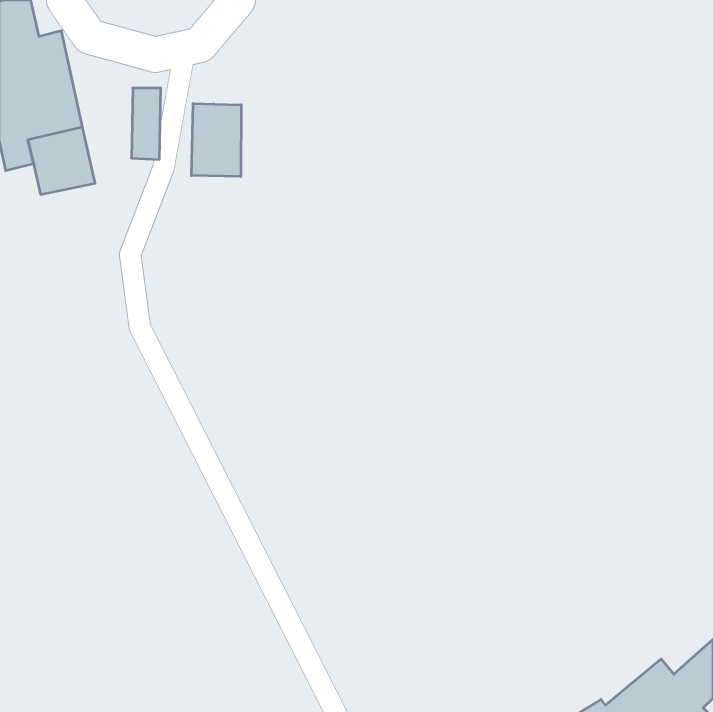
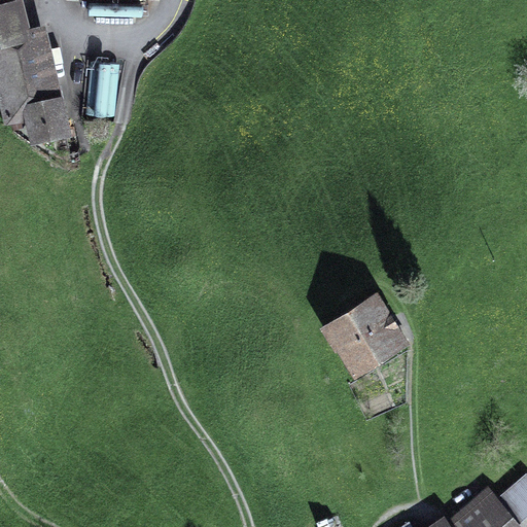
building: [191,103,241,177] -> none
building: none -> [319,292,410,380]

